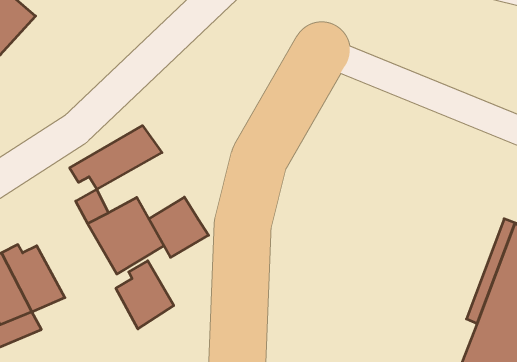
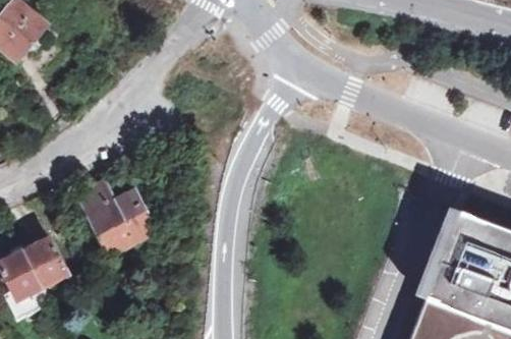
building: [70,126,162,189] -> none
building: [149,197,209,257] -> none
building: [116,261,174,329] -> none

